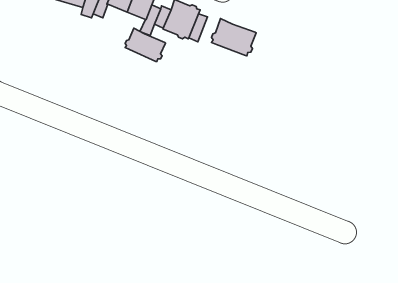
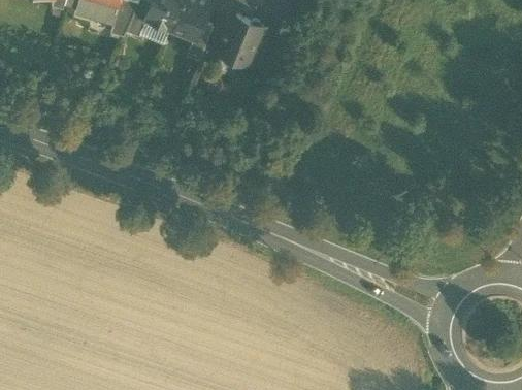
building: [211,19,256,56] -> none
building: [125,28,166,62] -> none

